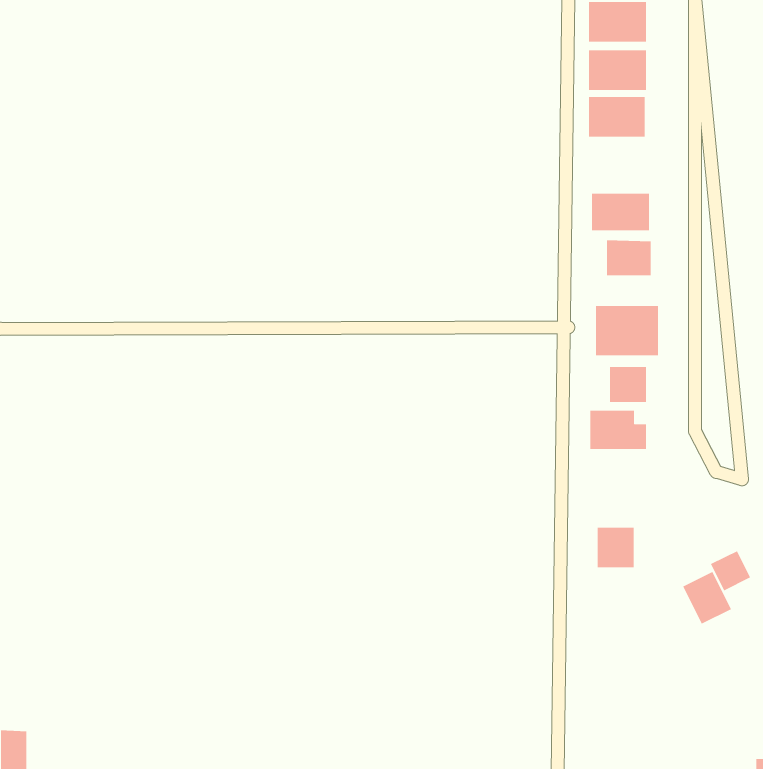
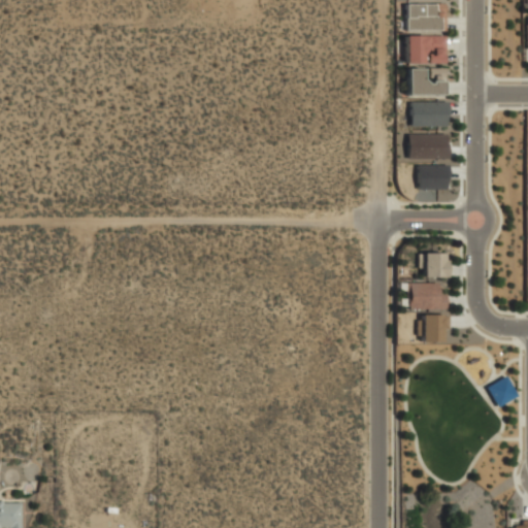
building: none -> [412,102,451,127]
building: [595,305,659,356] -> none
building: [597,527,635,568] -> [422,314,448,341]
building: [682,571,732,624] -> none

